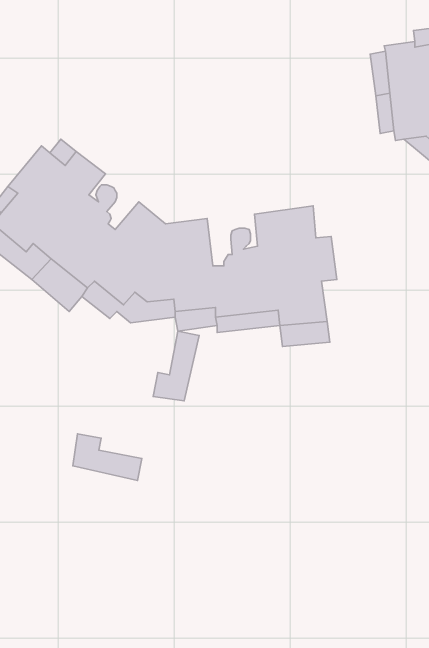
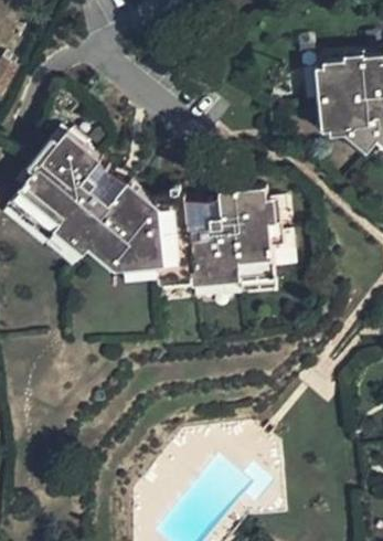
building: [153,331,199,401] -> none
building: [73,434,142,481] -> none

